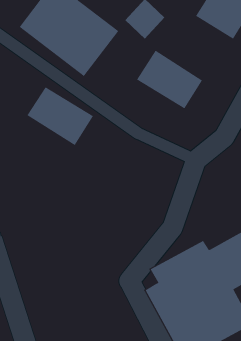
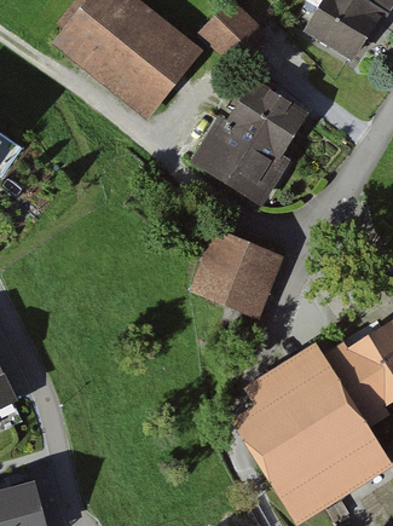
building: [27,86,94,146] -> [197,117,293,202]
building: none -> [196,231,283,312]

